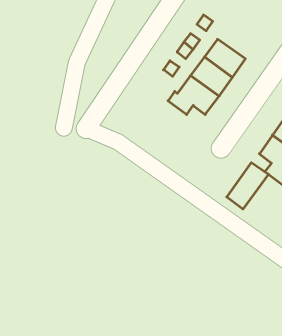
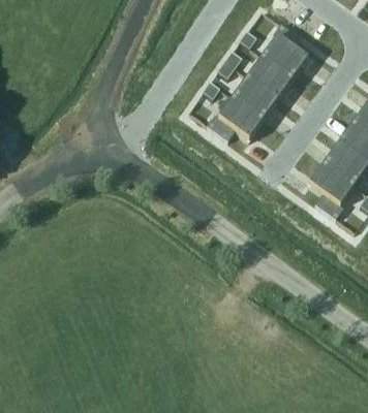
building: none -> [262,24,307,78]
building: [227,163,268,209] -> none

